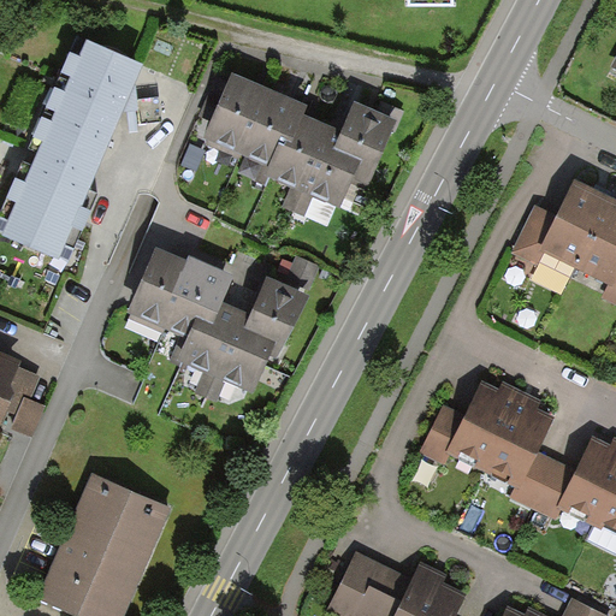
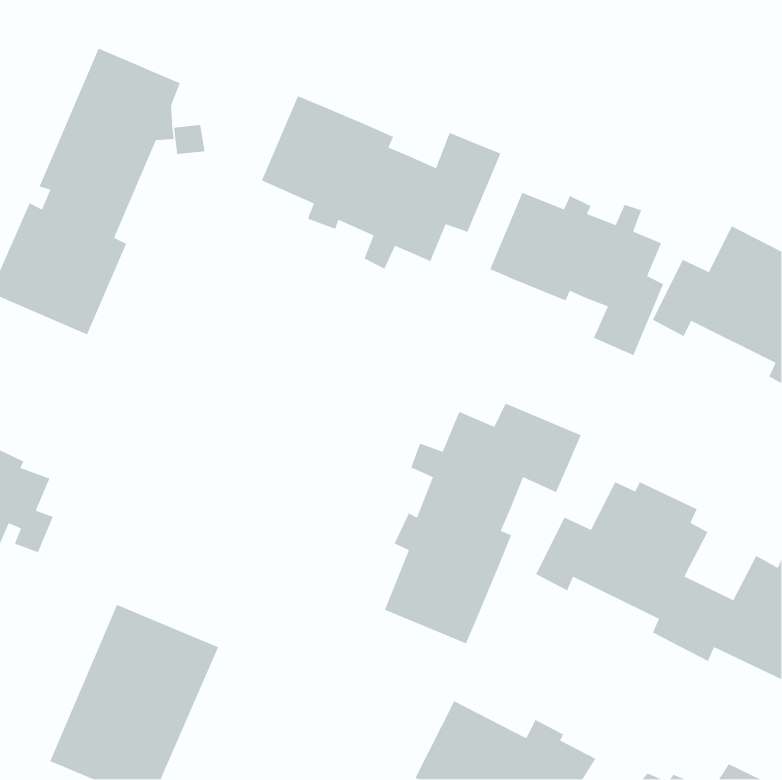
building: none -> [489,192,664,356]
building: [128,248,308,399] -> none
building: none -> [384,403,582,644]

